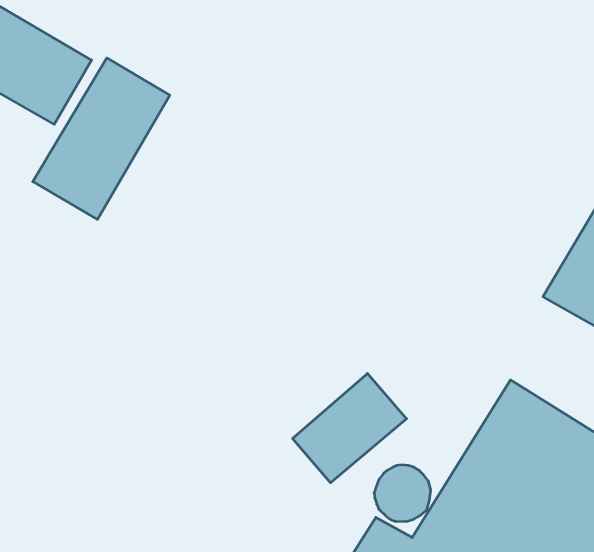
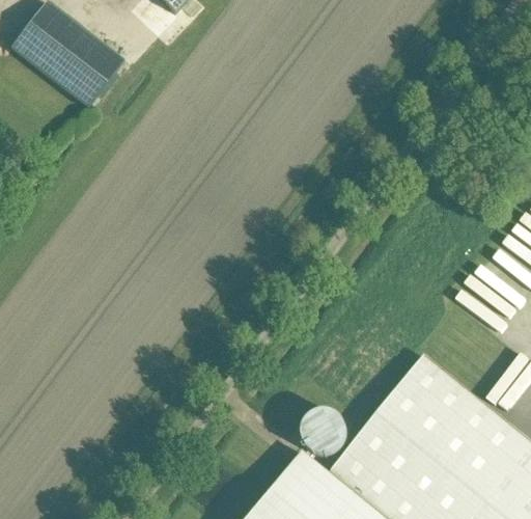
building: [33,58,170,219] -> none
building: [293,373,407,483] -> none

